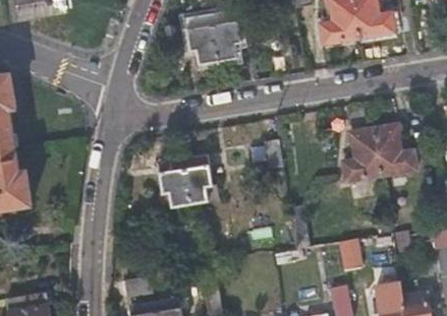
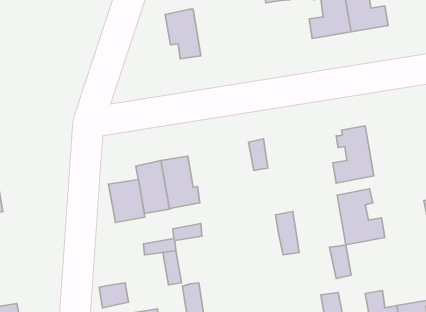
building: [211,12,241,60] -> none
building: [373,120,417,173] -> [337,189,385,245]
building: none -> [109,180,145,223]

